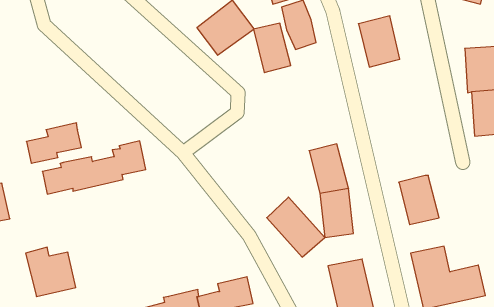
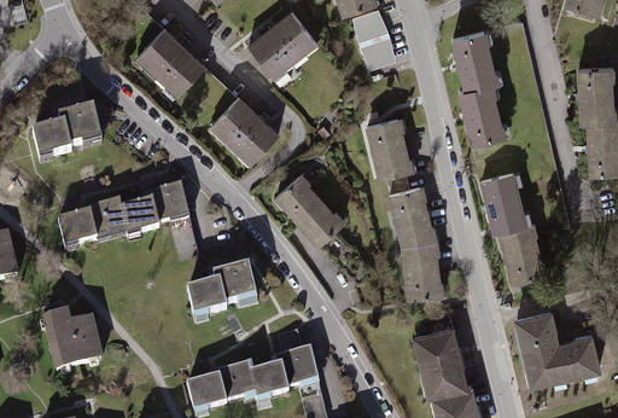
building: none -> [136,27,205,95]
building: [253,23,291,73] -> [366,117,412,178]
building: none -> [456,82,505,143]
building: none -> [209,95,279,164]
building: [26,123,81,163] -> [35,108,103,157]
building: none -> [478,172,529,233]
building: [267,197,325,257] -> [275,172,346,245]
building: none -> [186,267,256,318]

